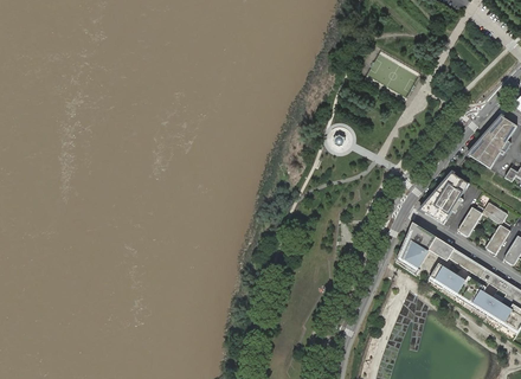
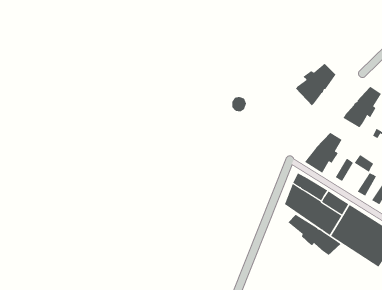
building: none -> [295,63,336,106]
building: none -> [288,214,341,256]

